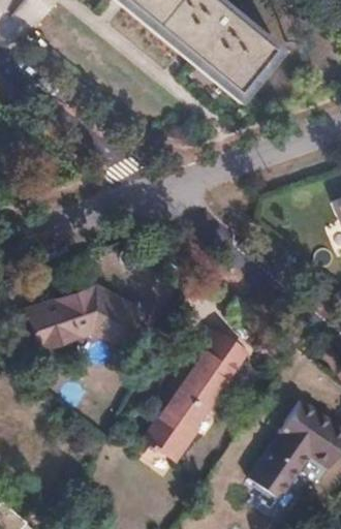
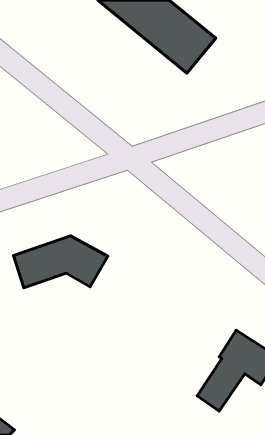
building: [146,322,247,458] -> none

